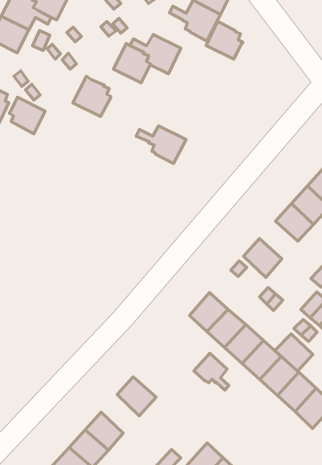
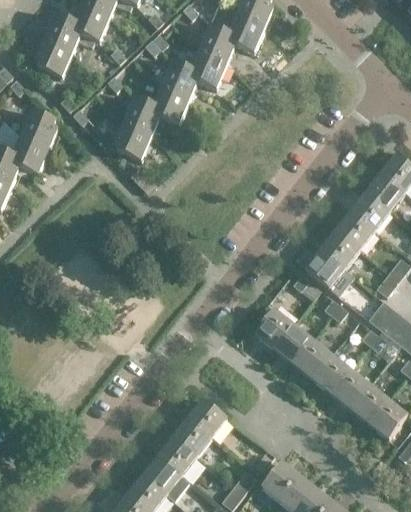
building: [206,22,243,59] -> [198,26,235,63]
building: [10,97,45,134] -> [114,126,150,162]
building: [136,126,186,163] -> [138,89,189,126]
building: none -> [320,232,359,270]
building: [275,334,313,371] -> none
building: [194,353,229,390] -> none
building: none -> [171,419,210,458]

